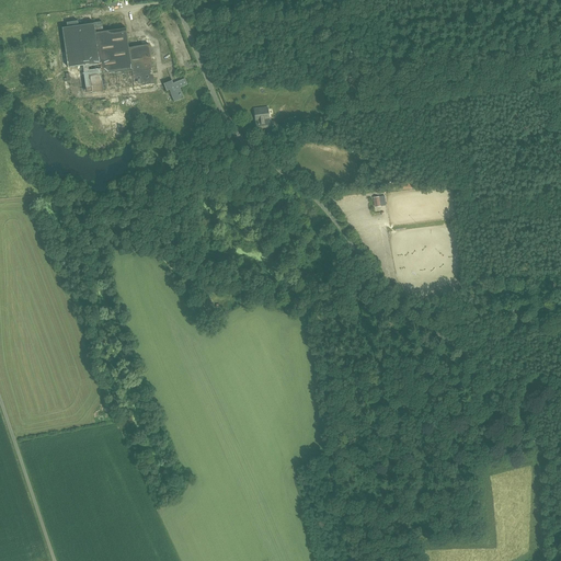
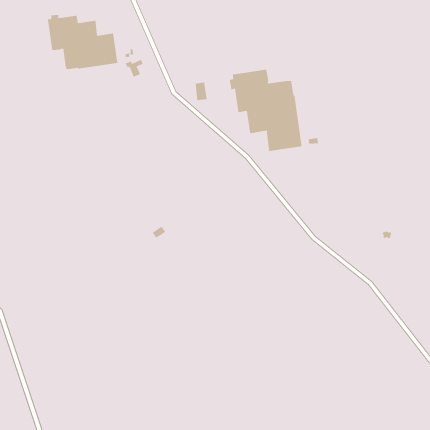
building: none -> [229,69,302,152]

